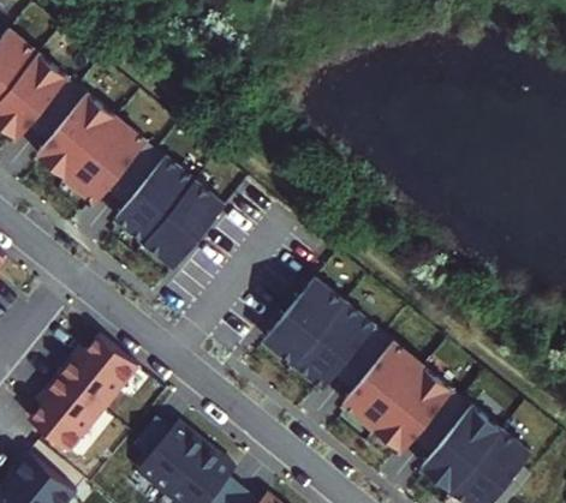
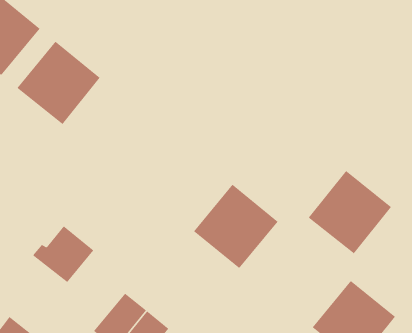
building: [112,155,221,265] -> none
building: [344,343,453,453] -> [308,170,392,254]
building: [29,373,103,453] -> none

